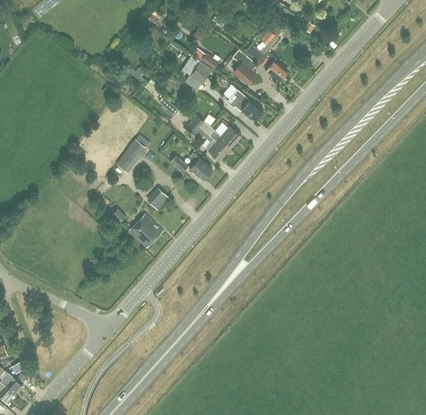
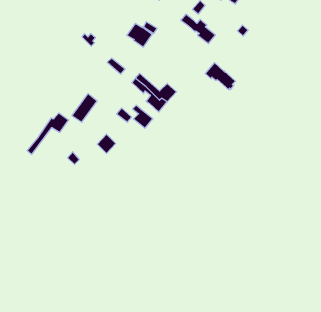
building: [231,48,256,83] -> none
building: [226,88,262,120] -> [205,63,236,90]
building: none -> [27,113,69,154]
building: [128,214,161,248] -> none

